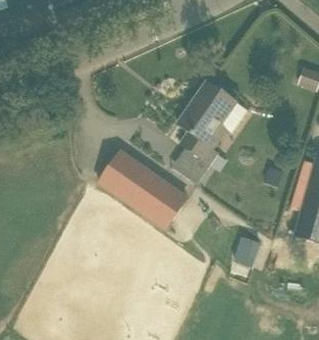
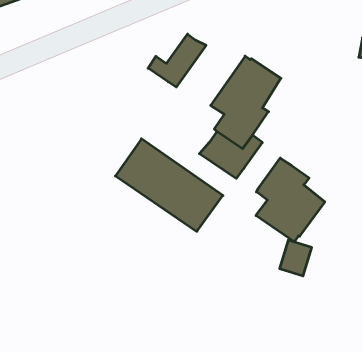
building: none -> [148,34,206,87]
building: none -> [256,158,325,242]

